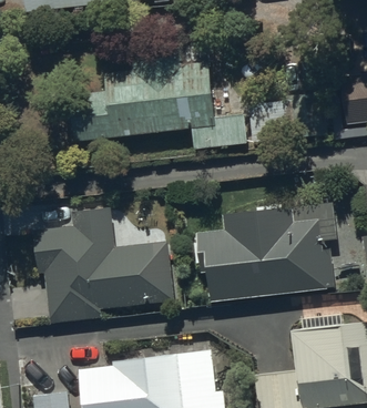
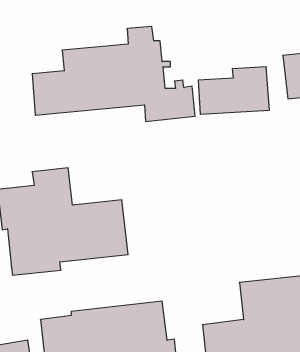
building: [196,206,334,300] -> none

